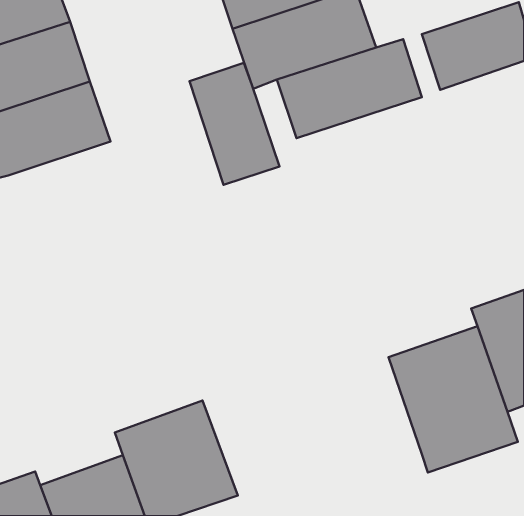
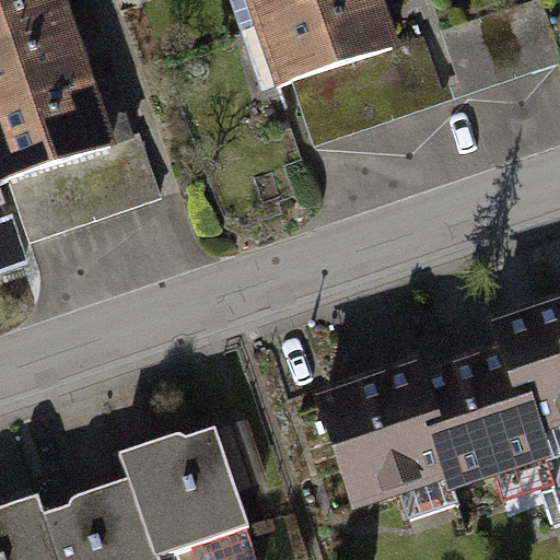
building: [189,63,280,185] -> none
building: none -> [9,141,164,244]
building: none -> [314,368,446,513]

